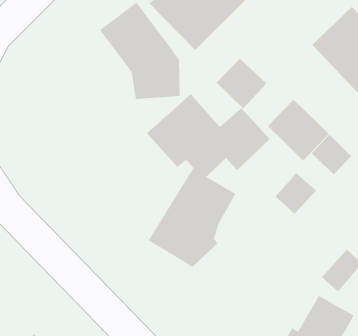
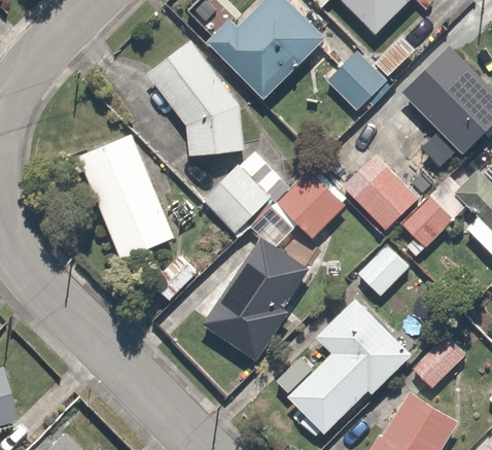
building: [216,58,267,109] -> [322,49,384,111]
building: none -> [77,134,174,257]
building: none -> [287,299,413,431]

